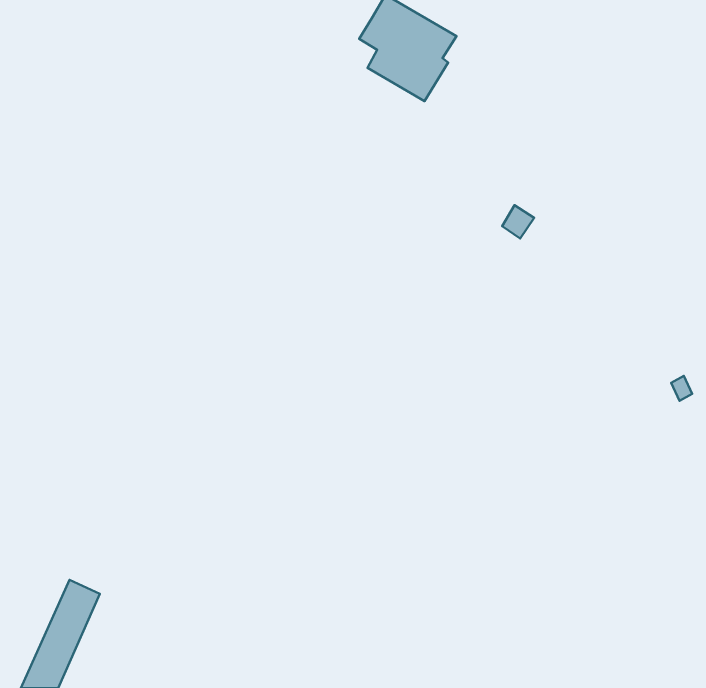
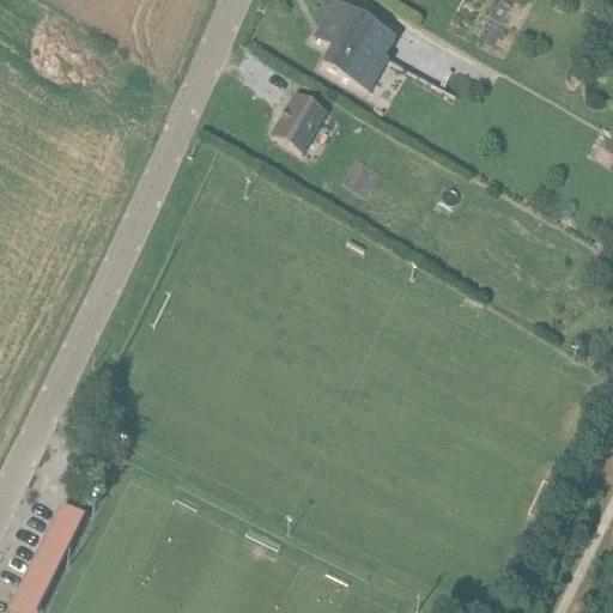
building: none -> [271,89,328,151]

